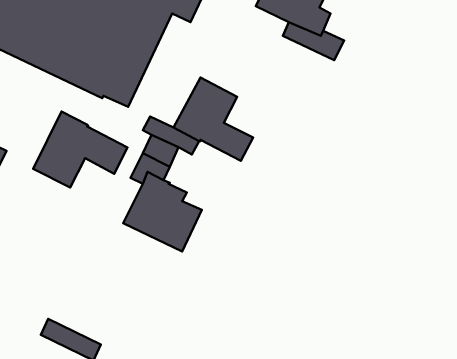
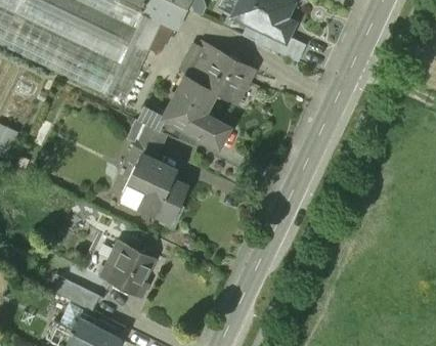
building: none -> [185,41,253,101]
building: [33,112,127,187] -> none
building: none -> [108,244,155,296]

